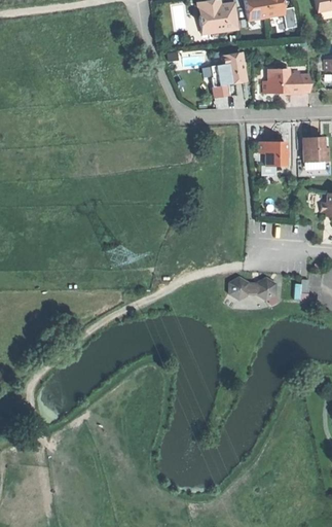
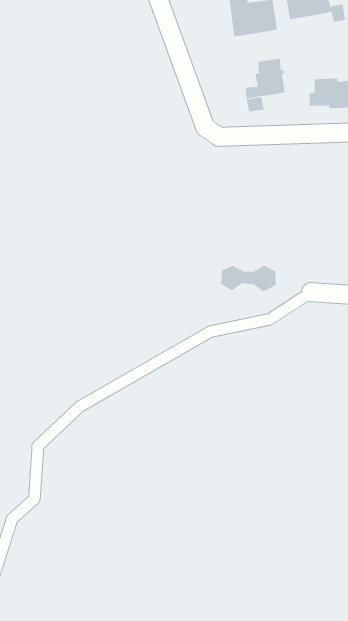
building: [260,141,285,165] -> none
building: [228,278,275,301] -> [220,265,277,292]

